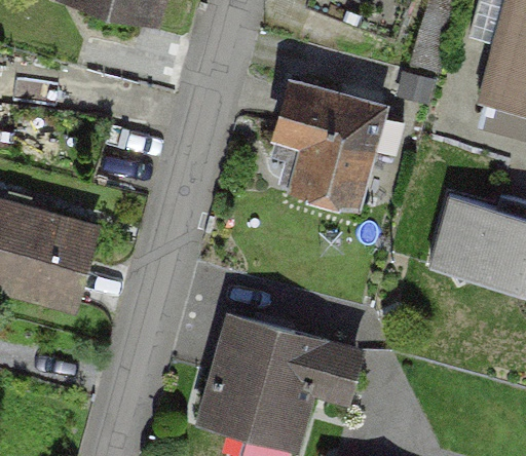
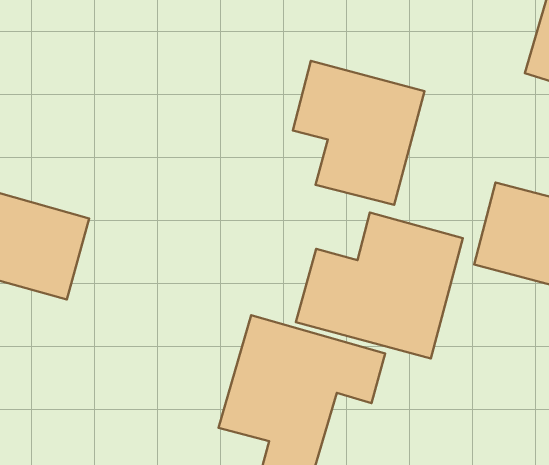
building: none -> [296,212,463,358]

